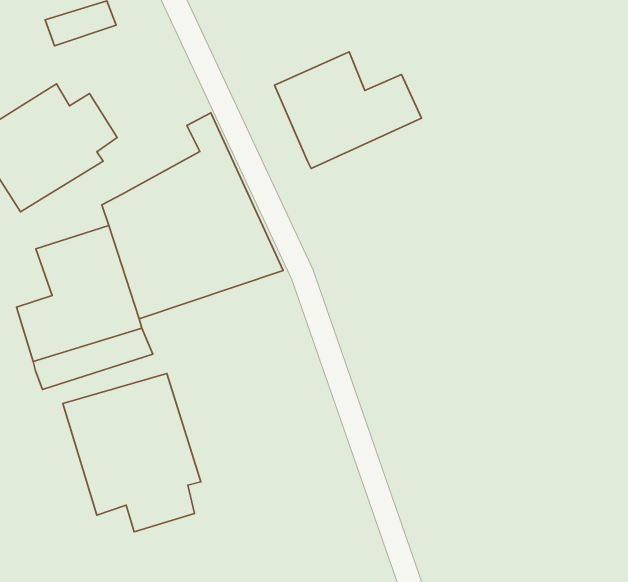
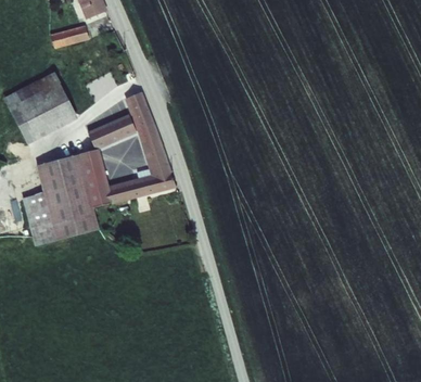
building: [275,52,421,169] -> none
building: [63,373,201,532] -> none

